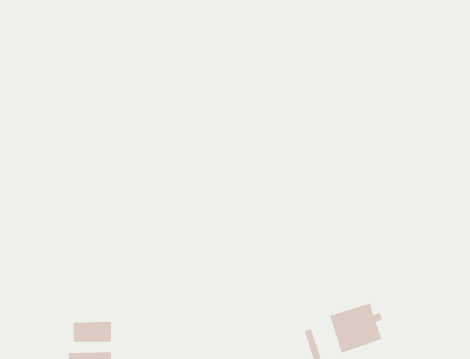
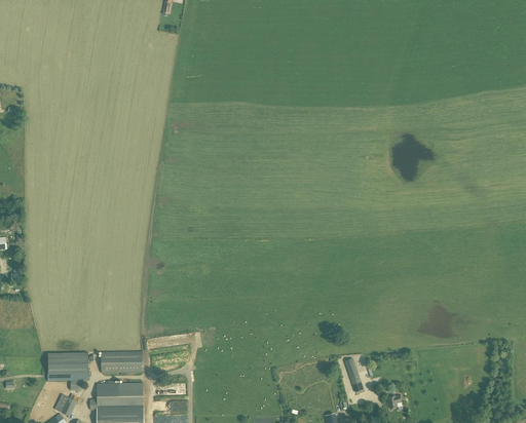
building: [329,302,383,353] -> none
building: none -> [46,353,87,375]

